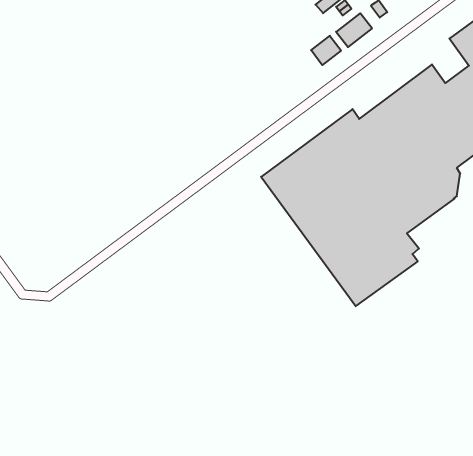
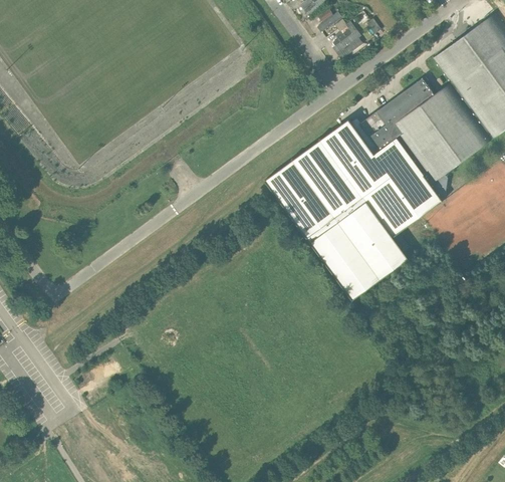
building: [311,36,341,65] -> none

